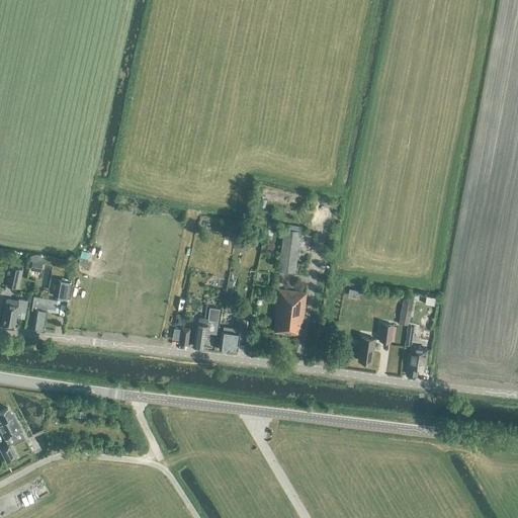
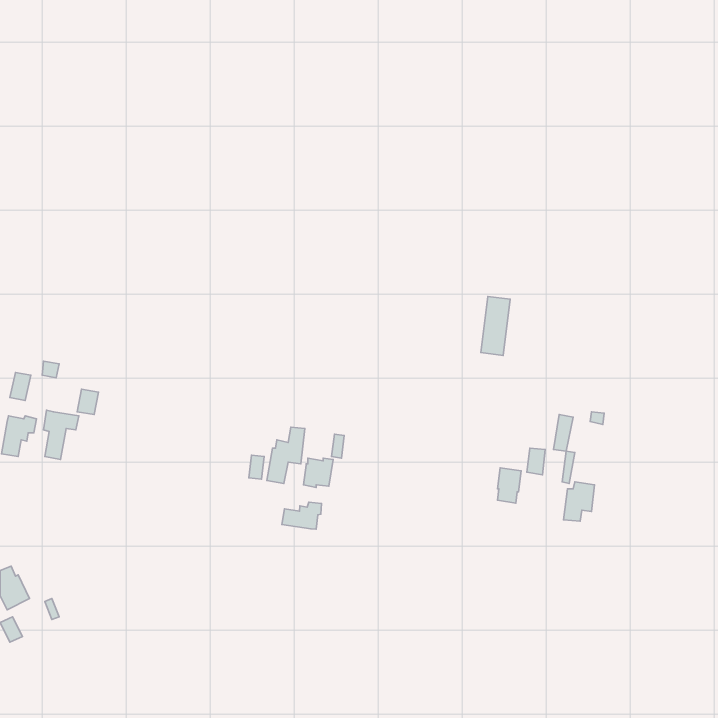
building: [278,231,299,273] -> [481,296,510,355]
building: [274,289,306,334] -> none
building: none -> [282,502,322,529]

